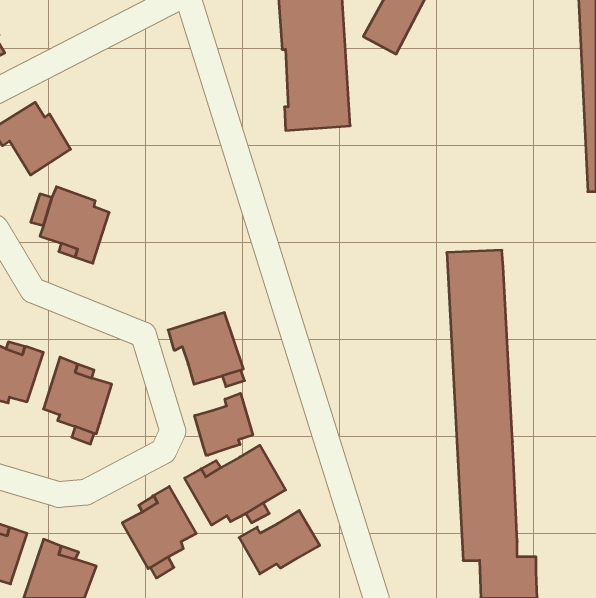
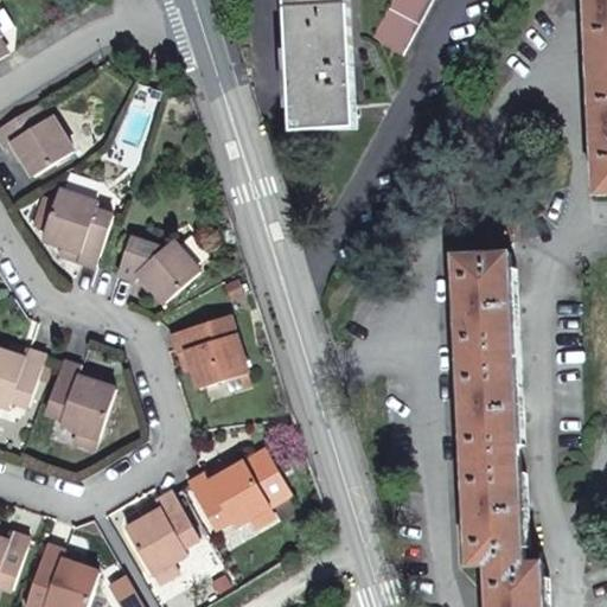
building: none -> [115,237,198,302]
building: [195,393,253,455] -> none
building: [239,510,320,574] -> none

